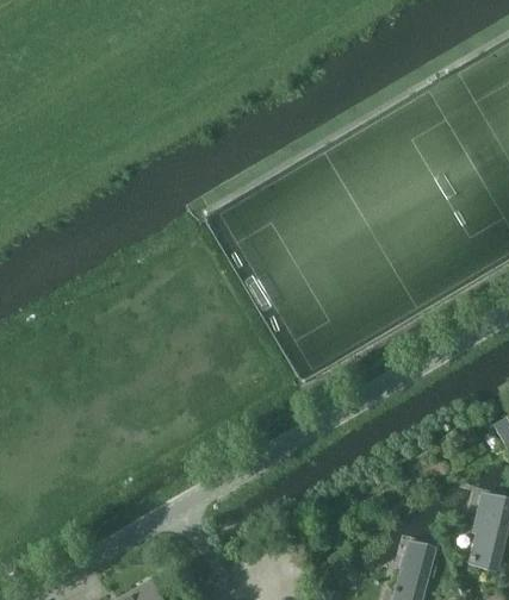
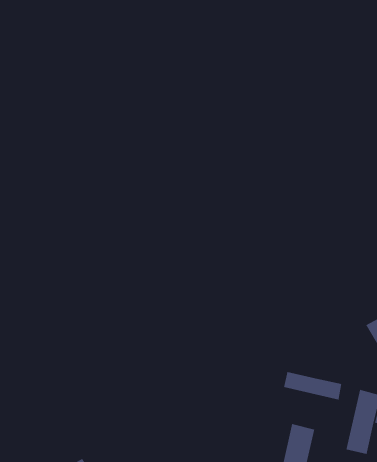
building: none -> [283,371,342,400]

